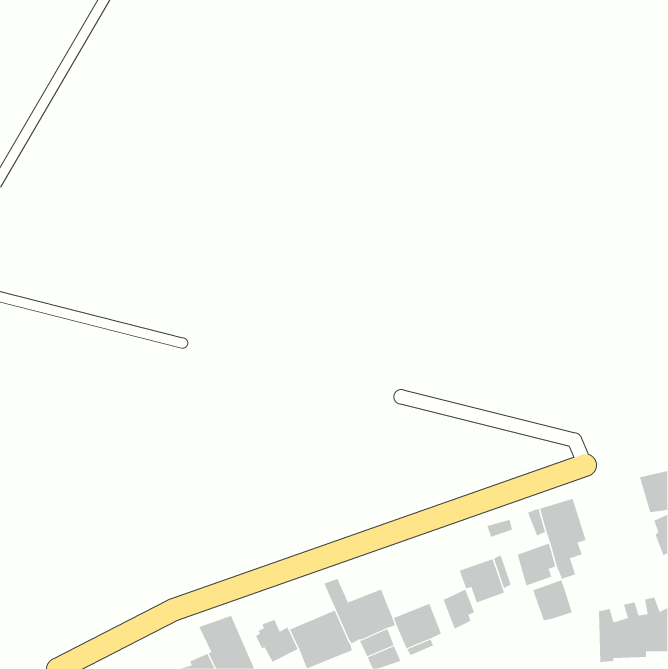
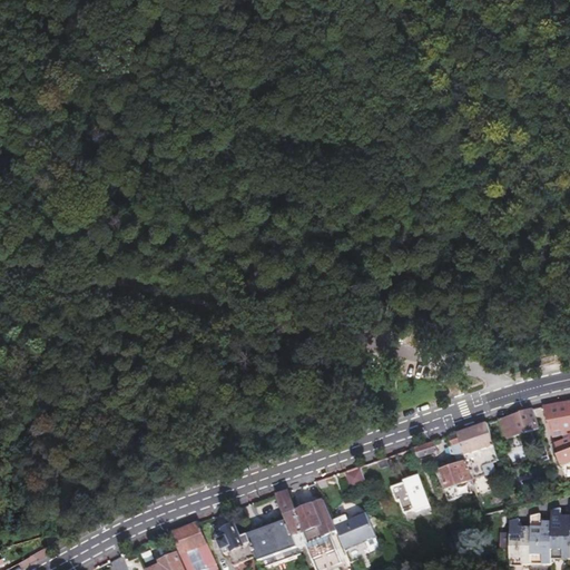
building: none -> [500,407,537,438]
building: [533,580,573,621] -> none
building: [443,589,475,629] -> none

